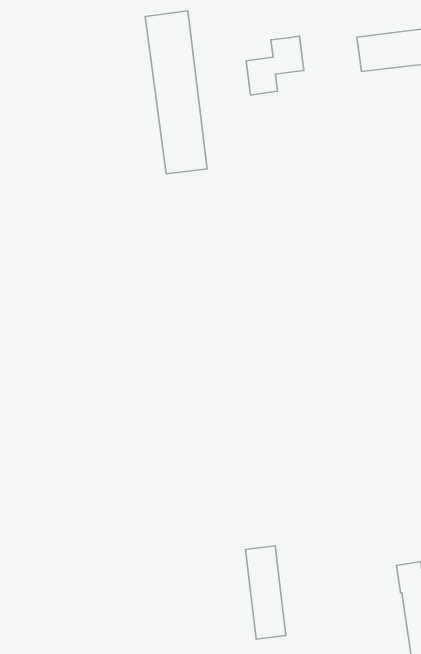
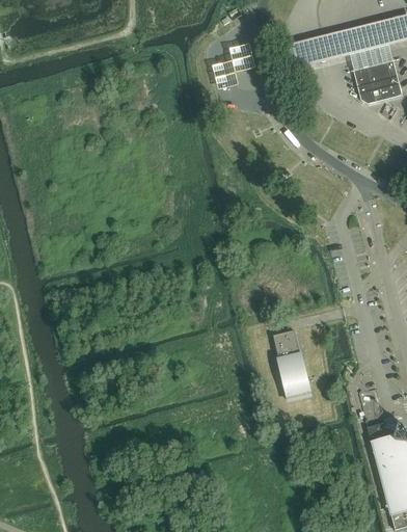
building: [145,11,207,174] -> none
building: [245,546,286,639] -> [272,330,309,401]

